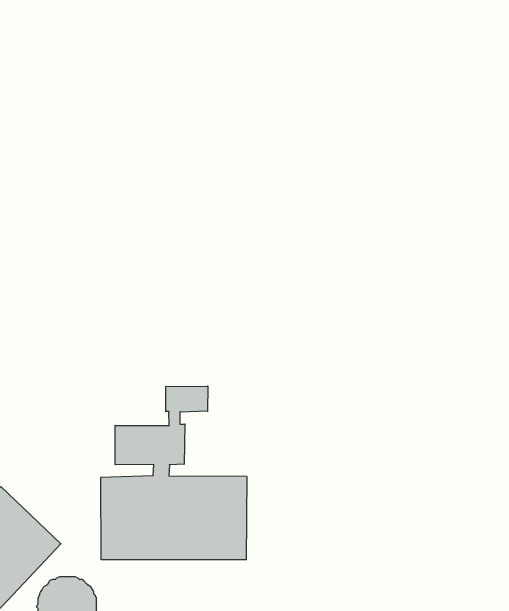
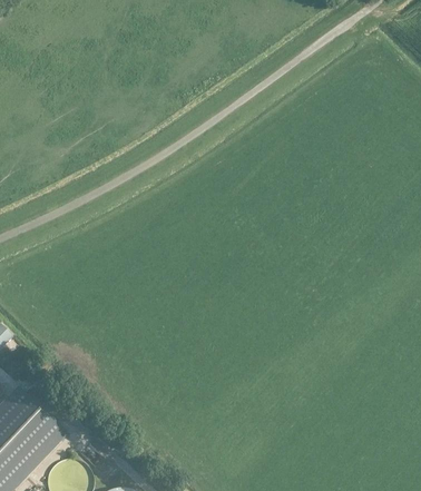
building: [101,386,247,560] -> none

